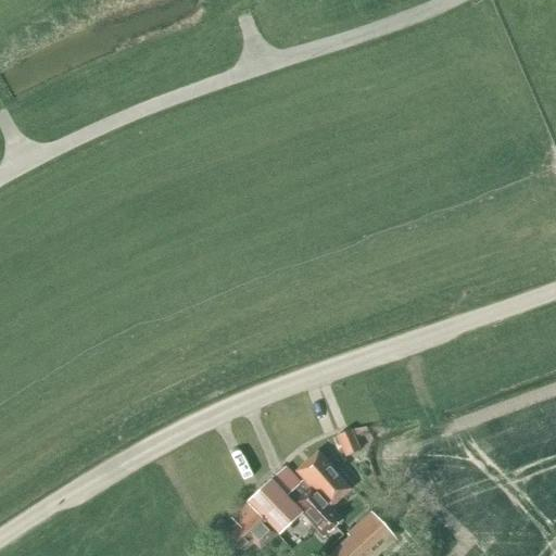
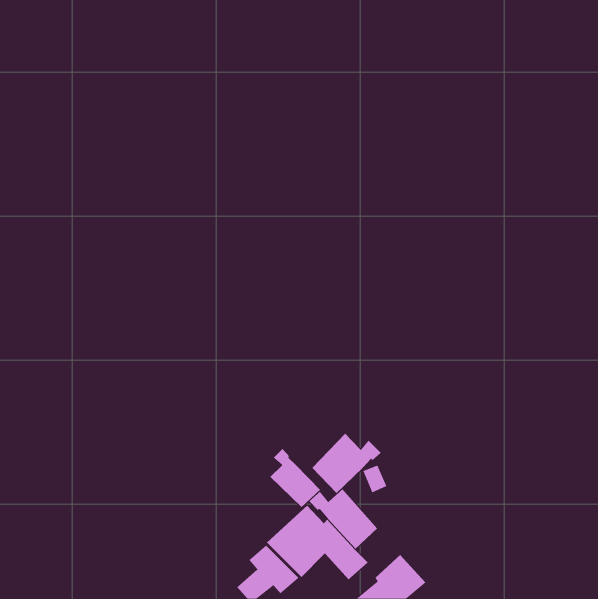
building: none -> [312,433,381,494]
building: none -> [270,448,321,508]

